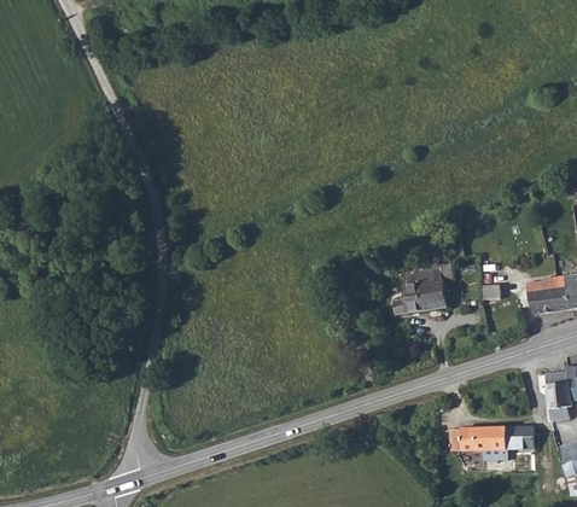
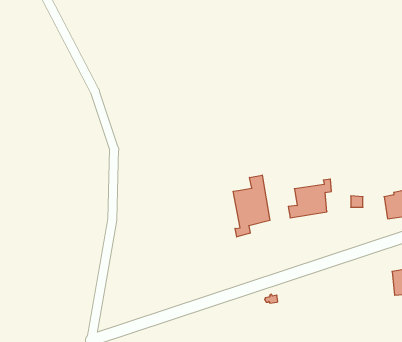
building: none -> [233,175,270,237]
building: [449,425,531,447] -> none

